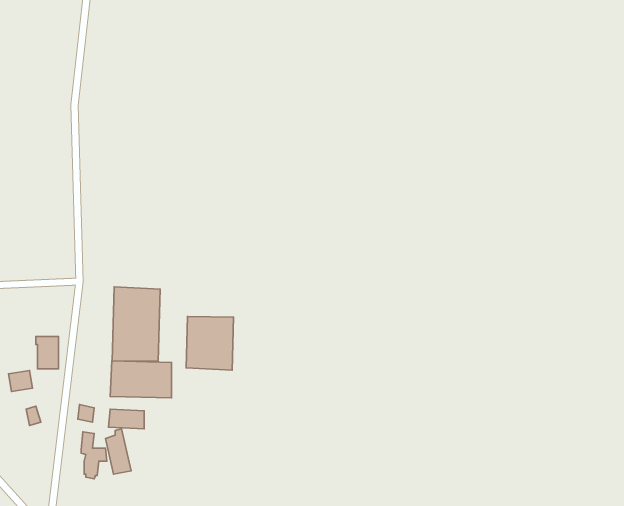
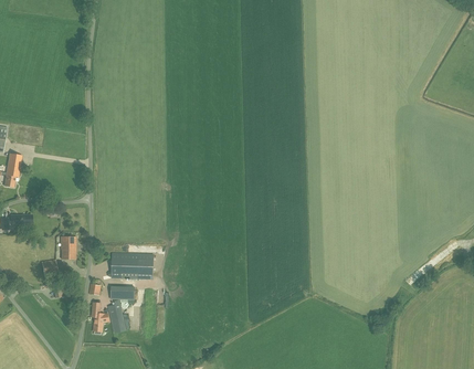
building: [112,287,160,361] -> none
building: [186,317,233,370] -> none

